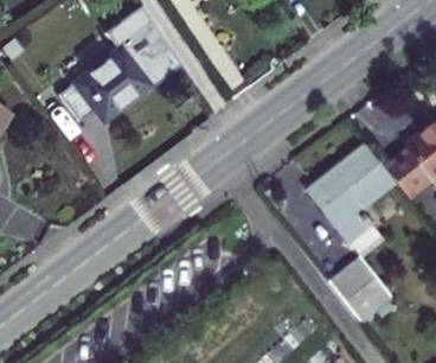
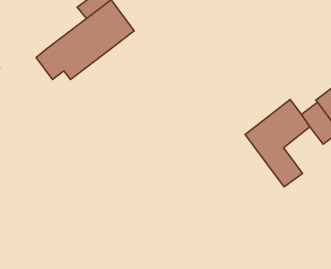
building: [336,262,397,323] -> none

